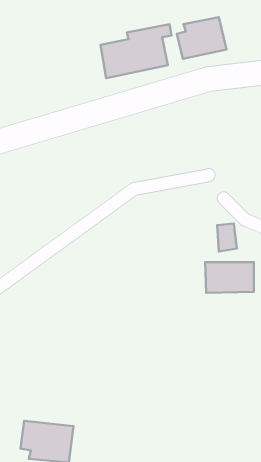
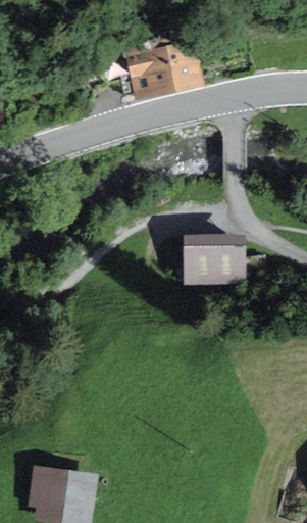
building: [177,17,226,59] -> none
building: [205,262,254,293] -> [184,246,237,280]

